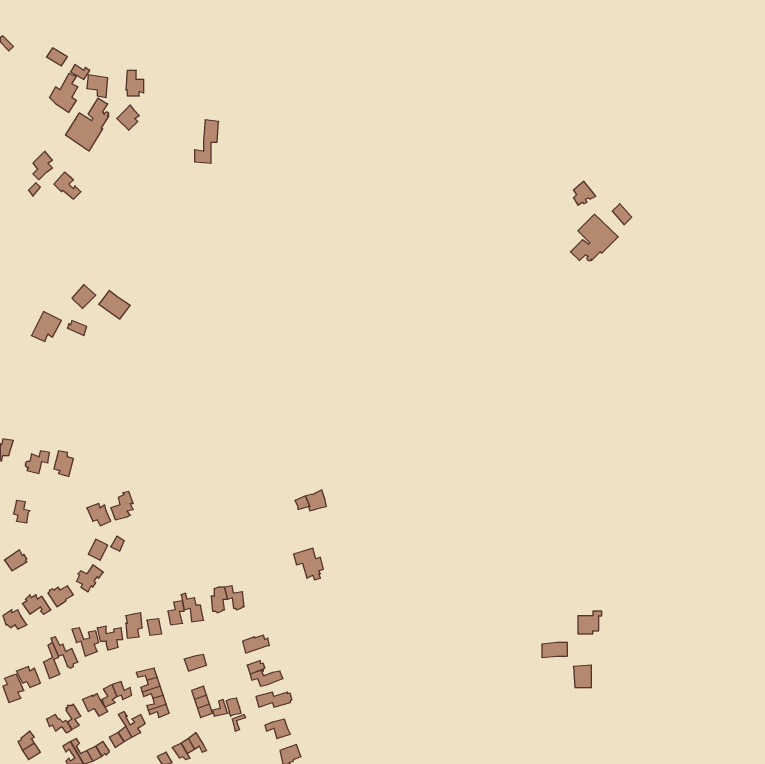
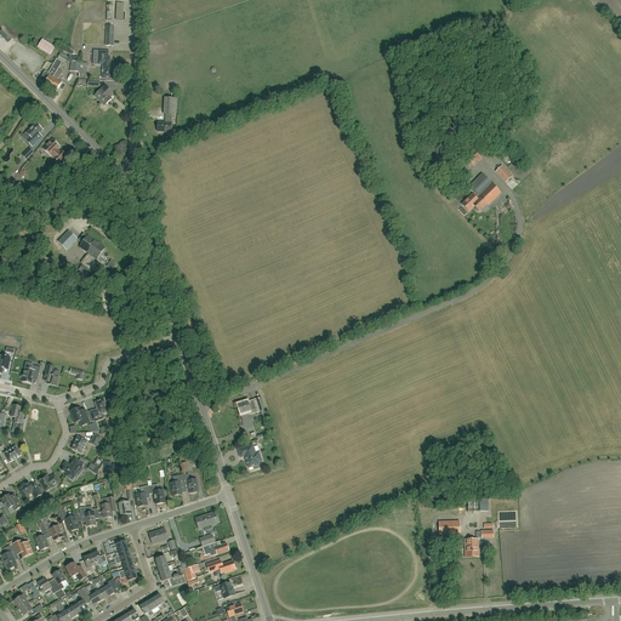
building: [66,98,109,151] -> none

